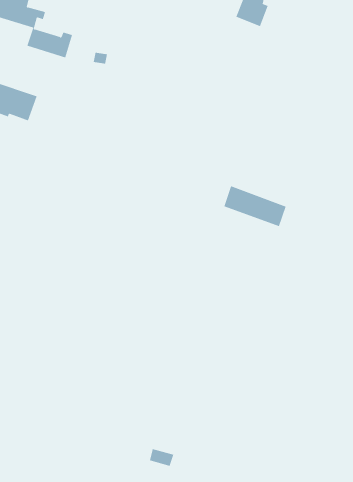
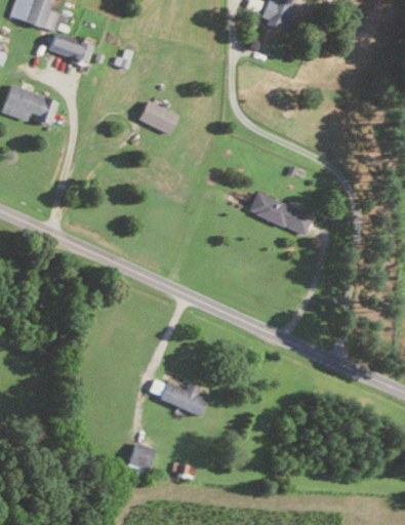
building: none -> [138,99,178,133]
building: none -> [149,376,207,413]
building: none -> [126,440,157,475]

